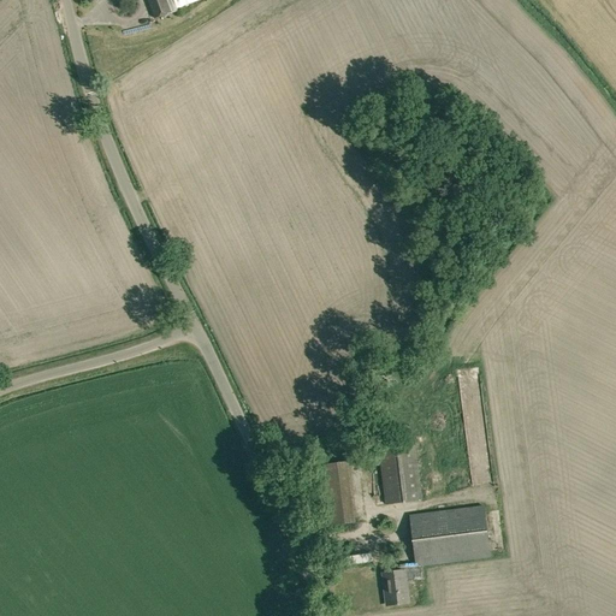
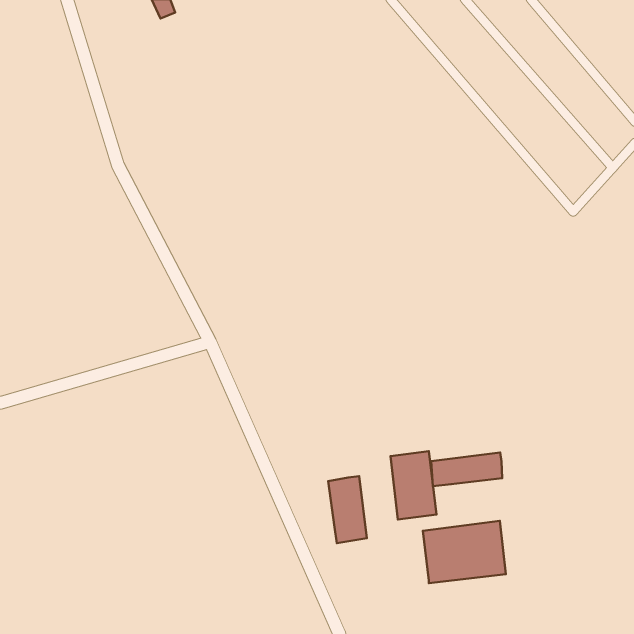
building: none -> [431,452,502,486]
building: [384,562,425,605] -> none

